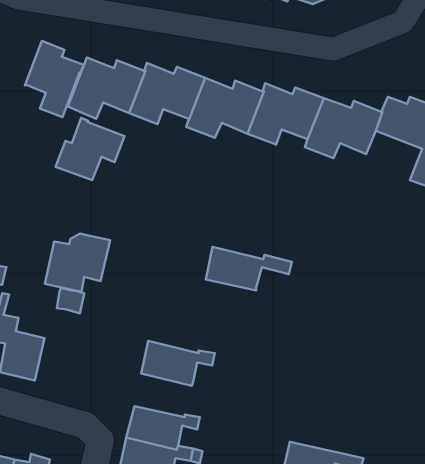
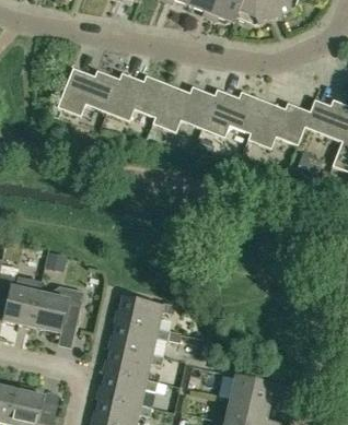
building: [25,41,84,117] -> none
building: [56,118,125,180] -> none
building: [45,233,110,292] -> [31,286,83,333]
building: [206,247,292,290] -> [111,321,179,356]

